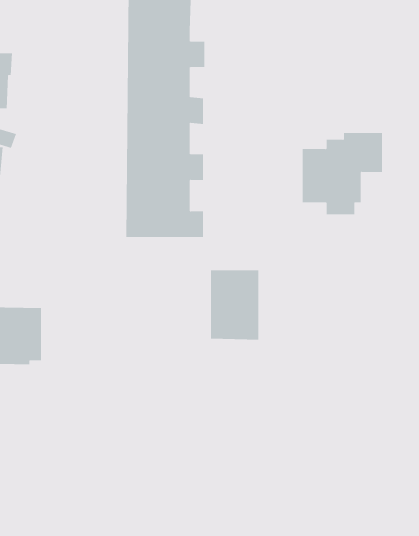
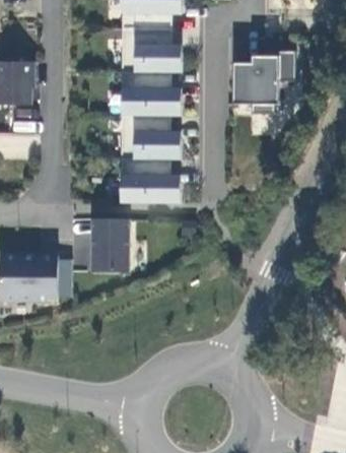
building: [302,133,383,215] -> [232,50,294,113]
building: [210,270,259,340] -> [91,218,129,272]

